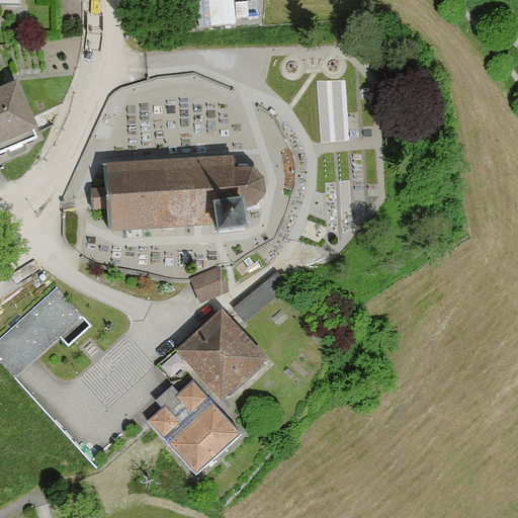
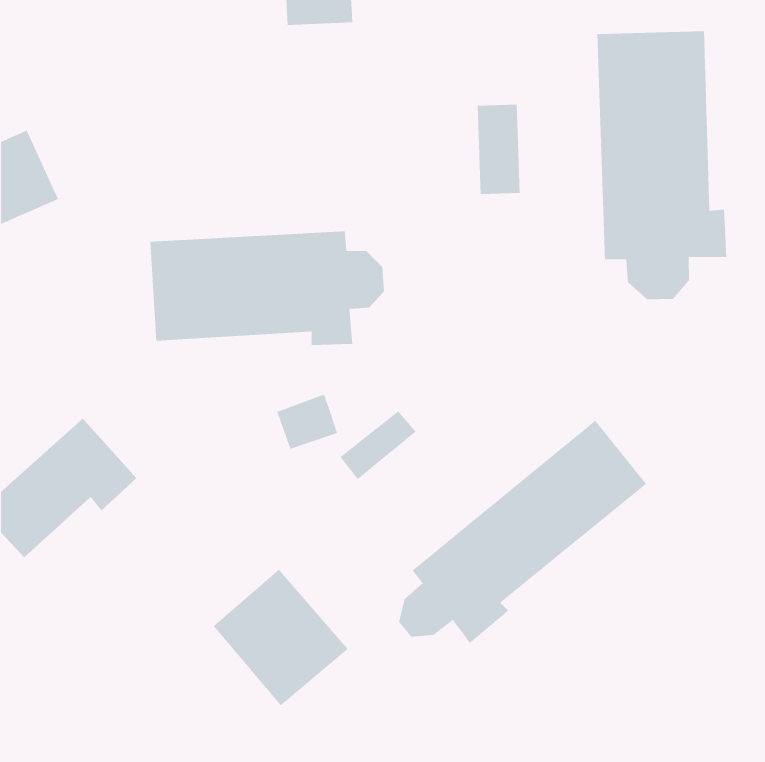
building: none -> [597,31,727,300]
building: none -> [399,420,647,644]
building: [171,310,265,404] -> none

